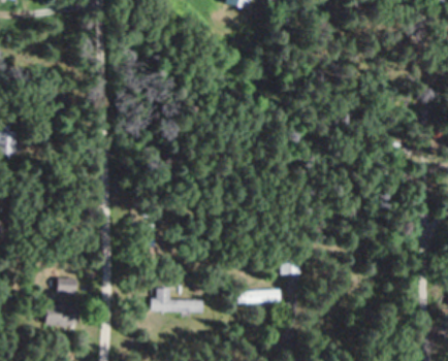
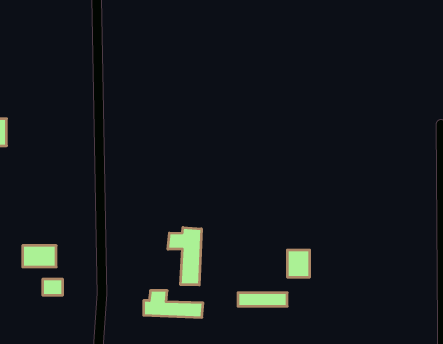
building: none -> [168,227,201,285]
building: [44,305,75,325] -> [23,246,56,267]

